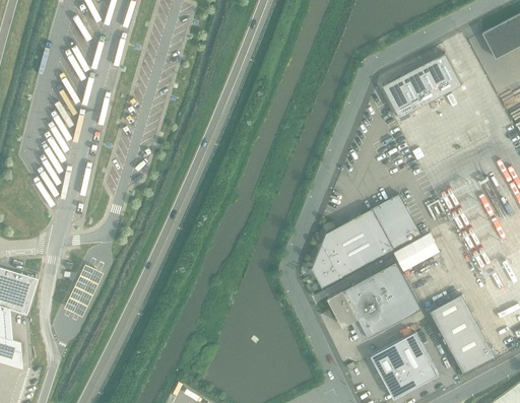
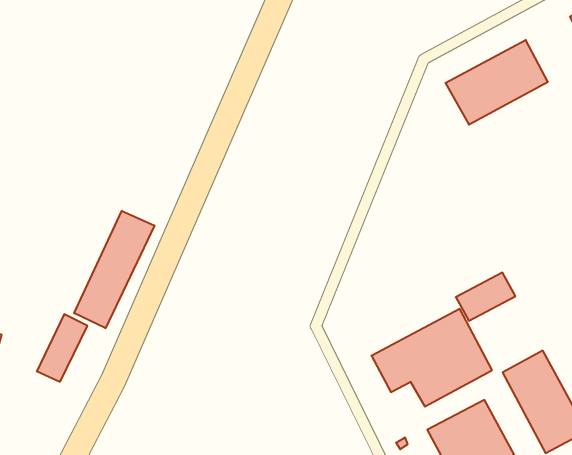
building: none -> [74,211,154,328]
building: [311,195,420,289] -> none

